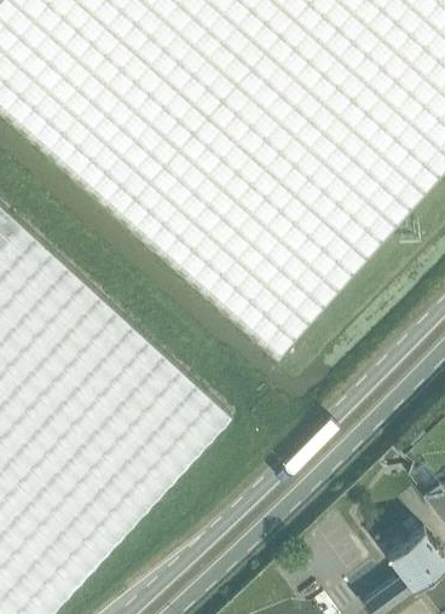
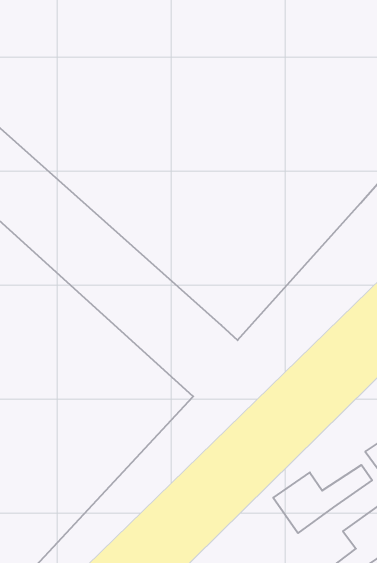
building: none -> [273,465,372,533]

